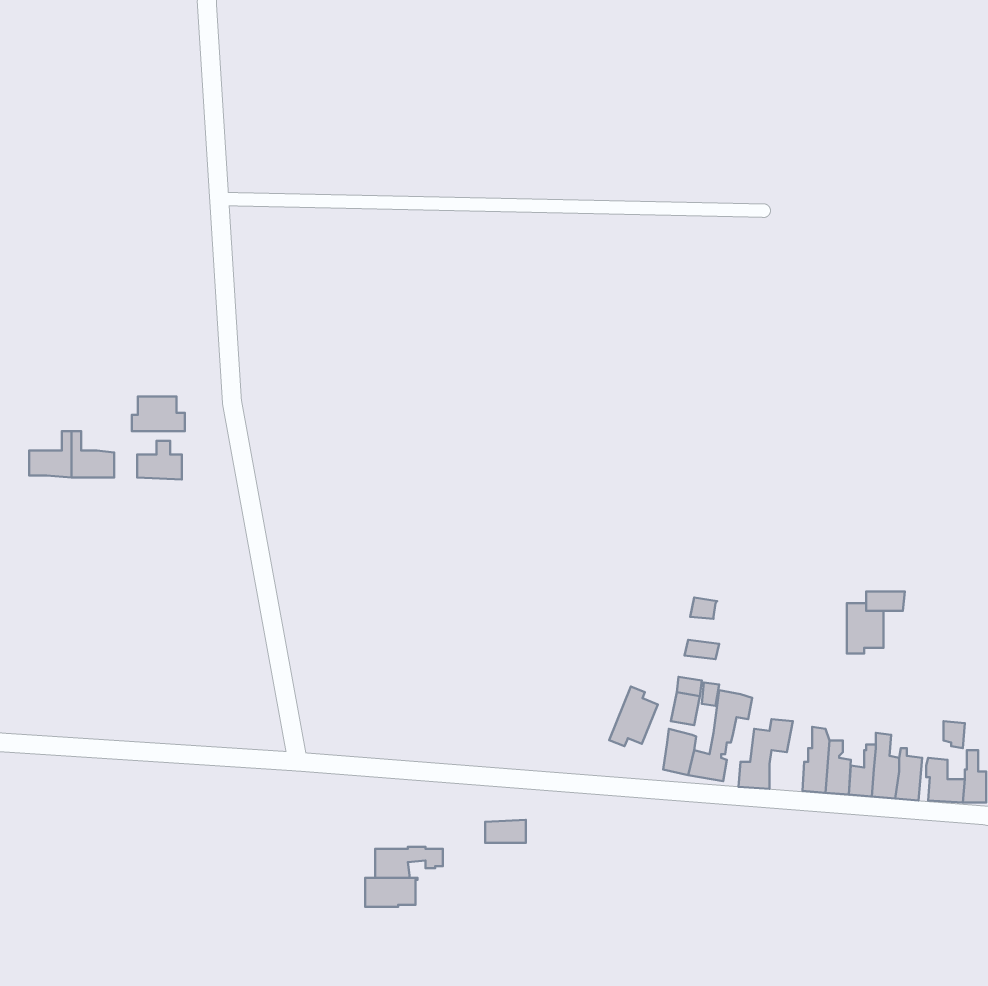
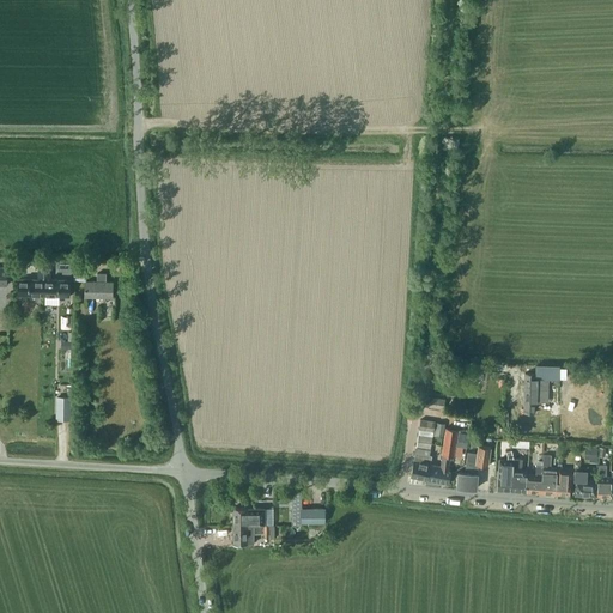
building: [132,397,185,431] -> none
building: [609,686,658,746] -> none
building: [365,878,417,907] -> [232,509,265,527]

